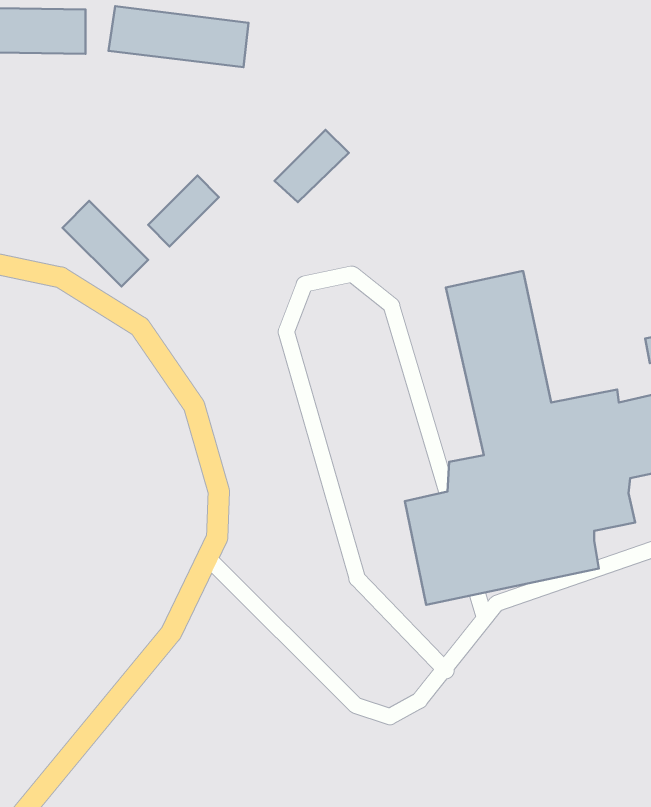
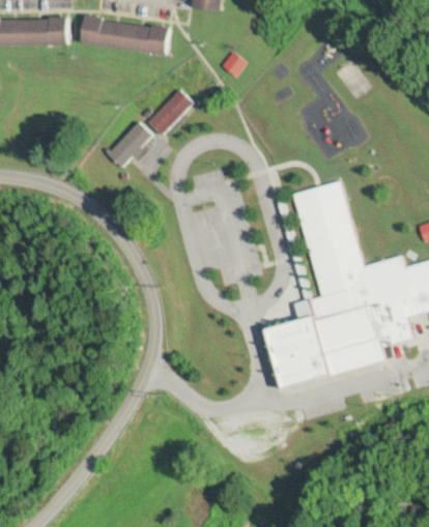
building: [275,130,349,202] -> [145,89,192,135]
building: [62,201,148,287] -> none

